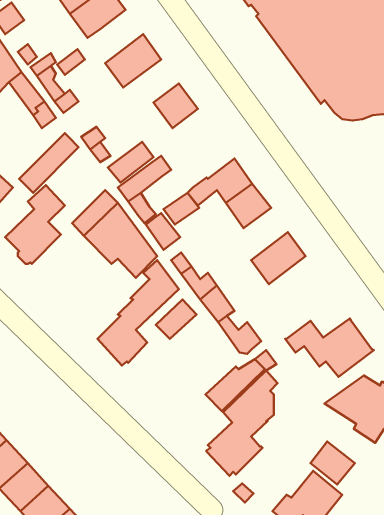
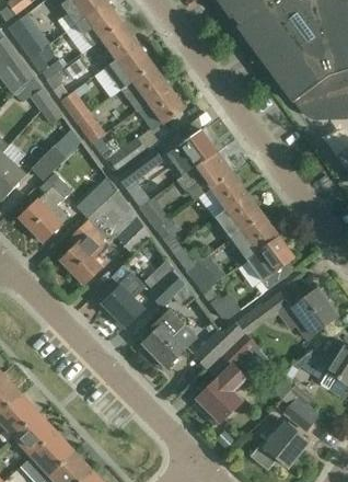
building: none -> [97,22,138,68]
building: none -> [120,65,169,110]
building: none -> [165,128,217,175]
building: none -> [216,193,263,238]
building: none -> [60,221,104,283]
building: none -> [246,234,294,288]
building: none -> [139,309,196,370]

